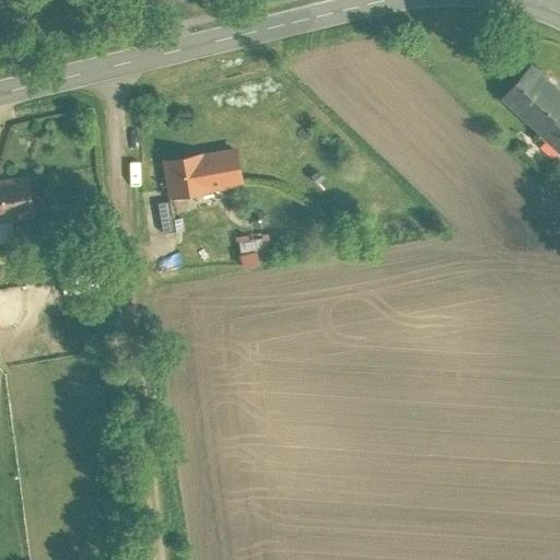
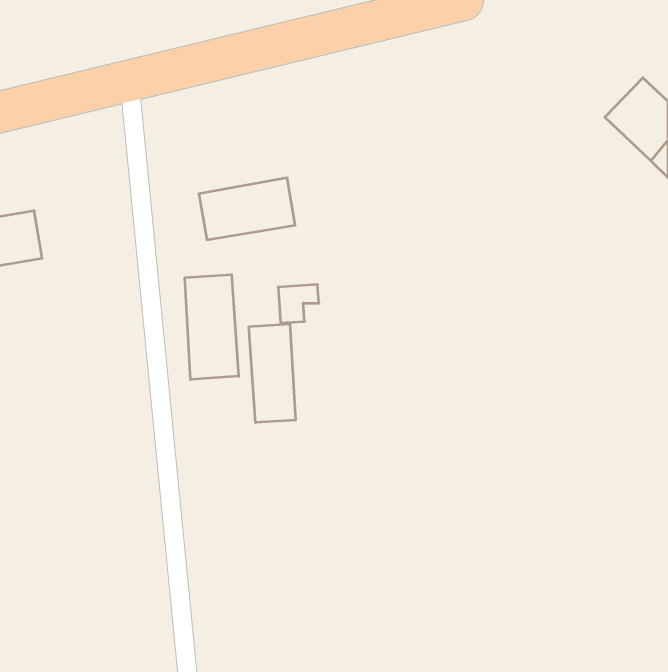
building: none -> [185,275,239,380]
building: none -> [249,324,295,423]

